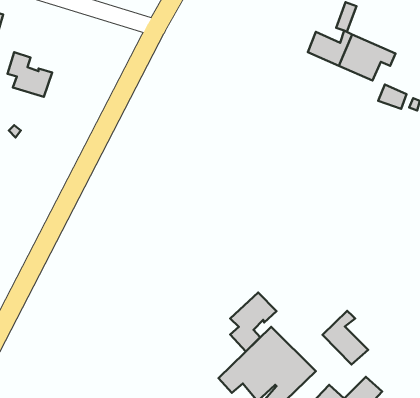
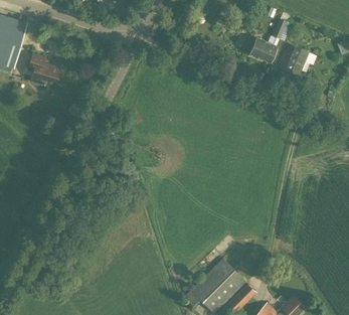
building: [230,292,276,351] -> none
building: [322,311,368,365] -> none

